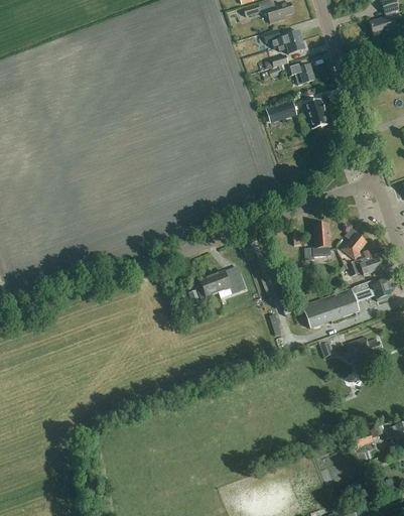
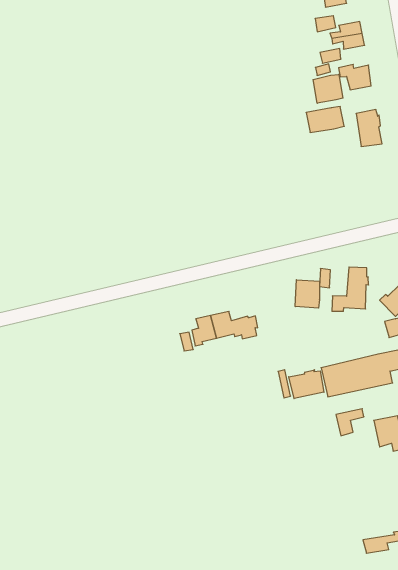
building: none -> [313,74,343,103]
building: none -> [295,280,319,308]
building: none -> [289,370,324,399]

